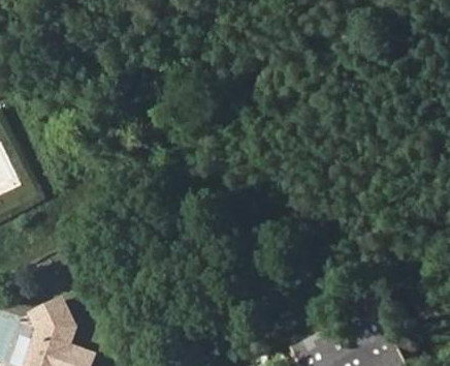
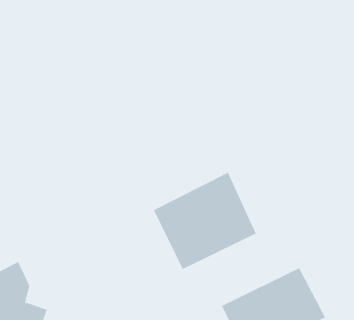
building: none -> [153,172,257,270]

